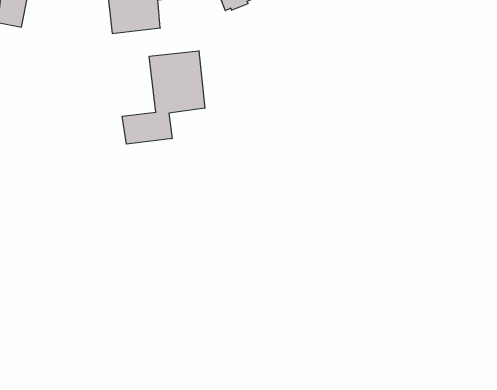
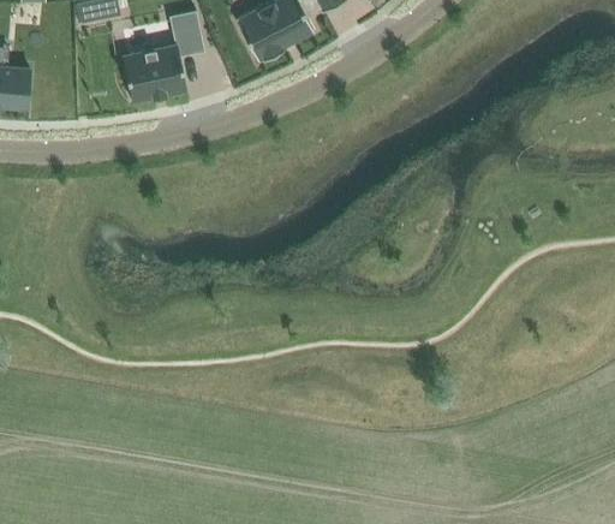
building: [122,51,205,144] -> none

